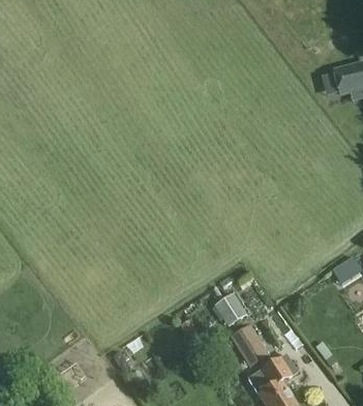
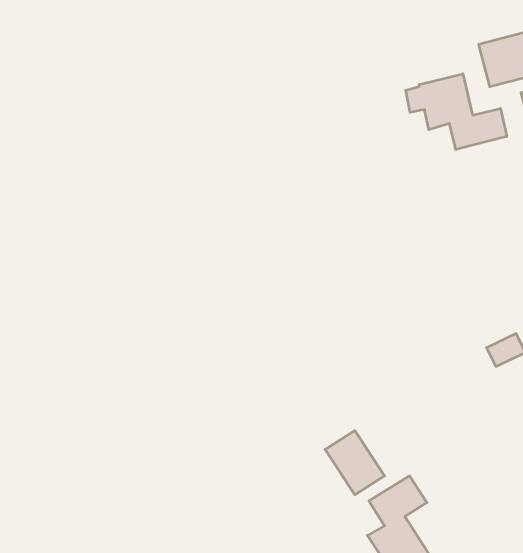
building: none -> [406,74,507,150]
building: [212,293,247,326] -> none

